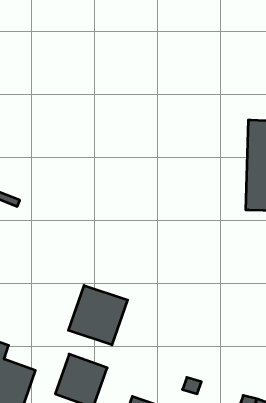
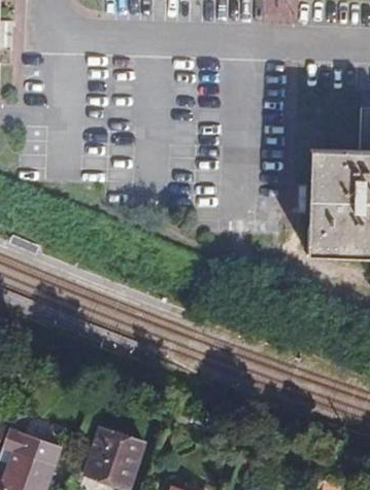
building: [68,285,128,345] -> none

